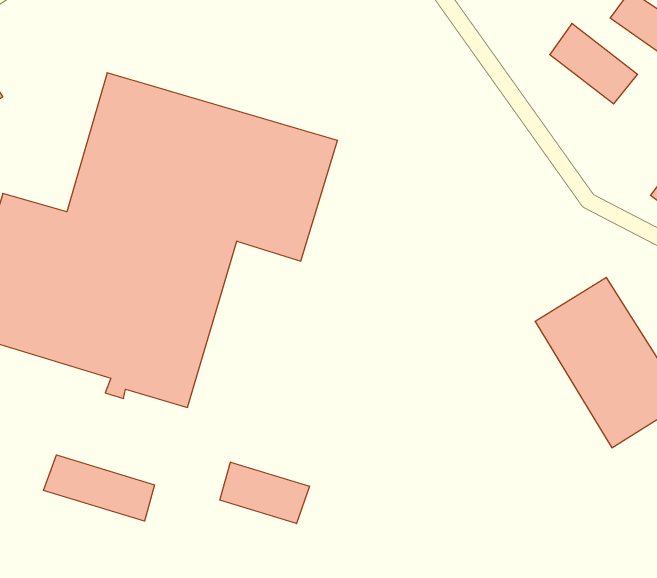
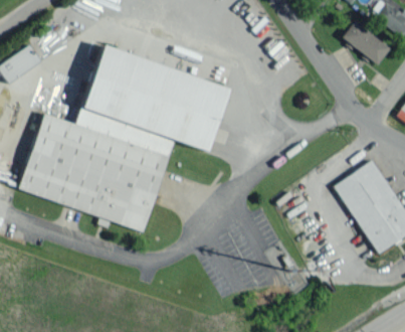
building: [43,455,154,521] -> none
building: [220,462,310,524] -> none

